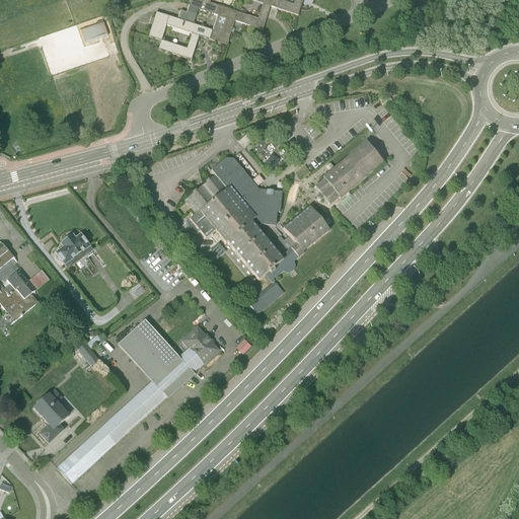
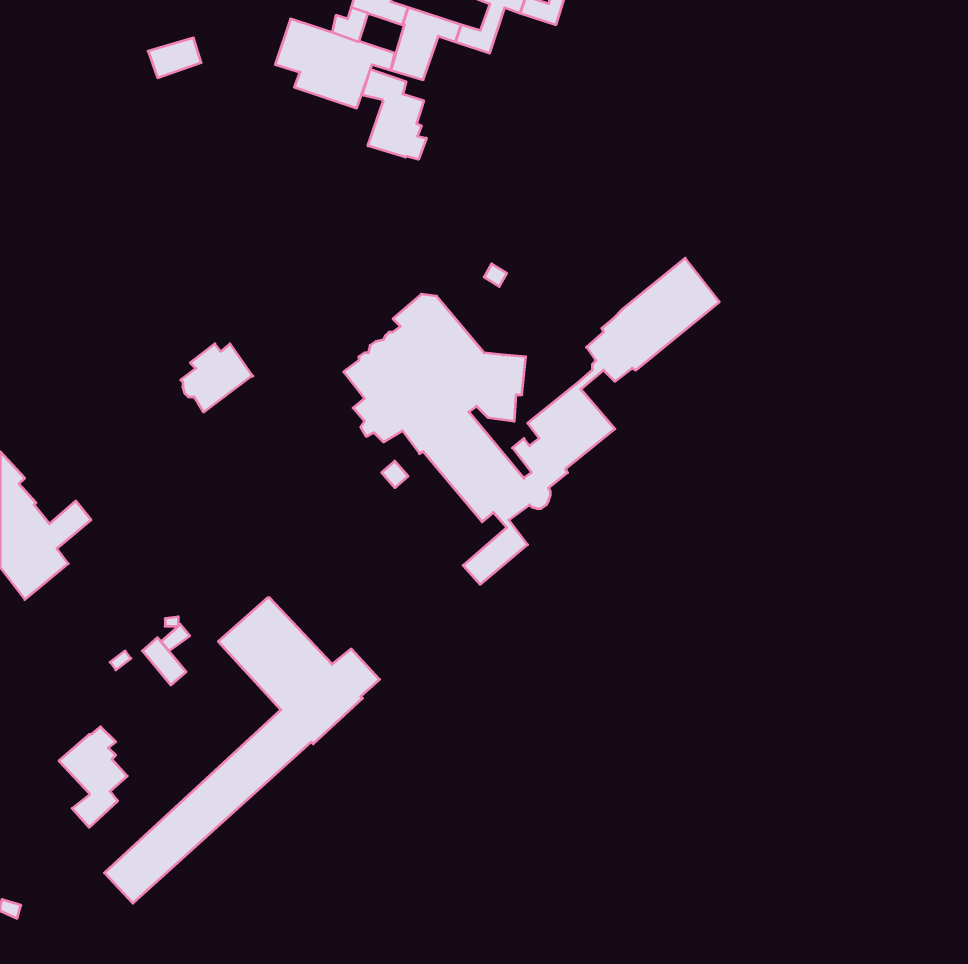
building: none -> [362,69,426,159]
building: [55,232,93,269] -> [181,344,253,412]
building: [181,324,220,363] -> none

